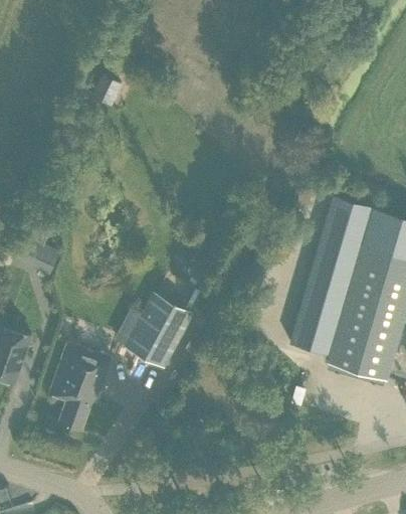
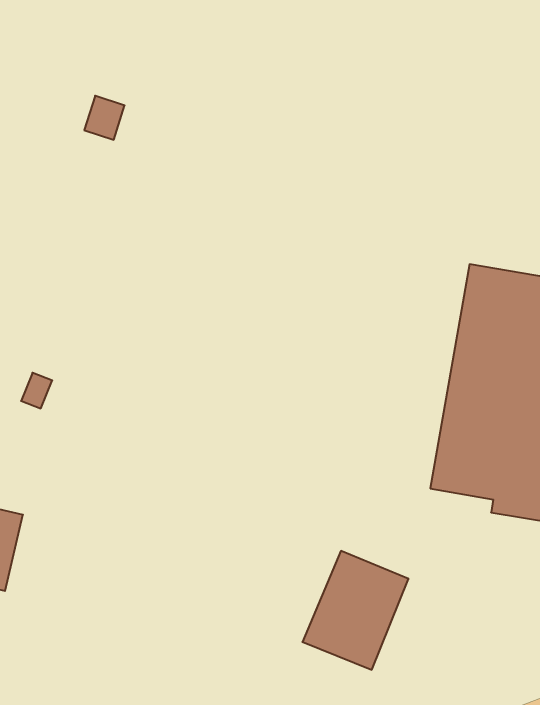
building: [123,291,194,368] -> [302,551,409,670]
building: [48,343,110,431] -> none

